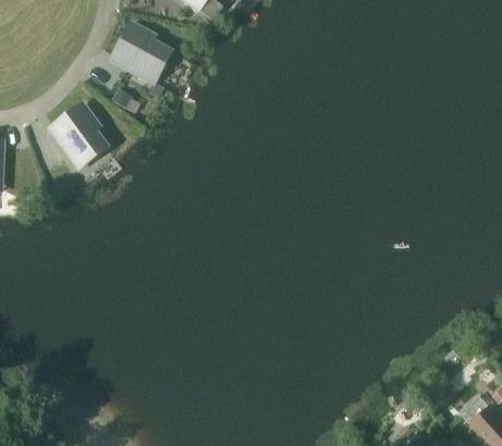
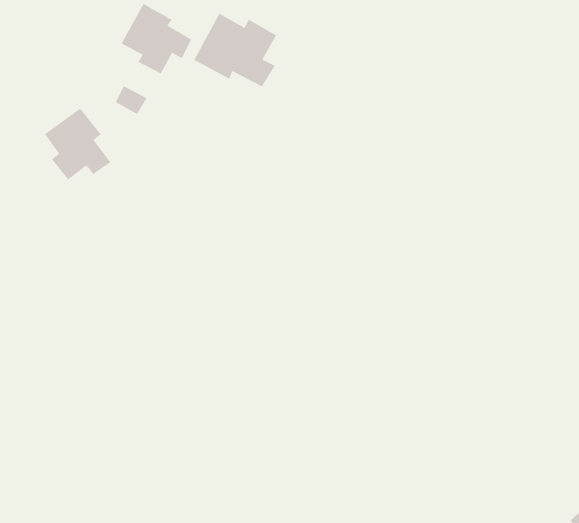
building: none -> [193,13,277,87]

